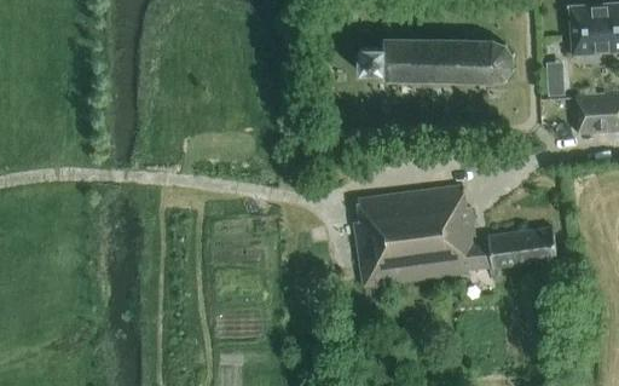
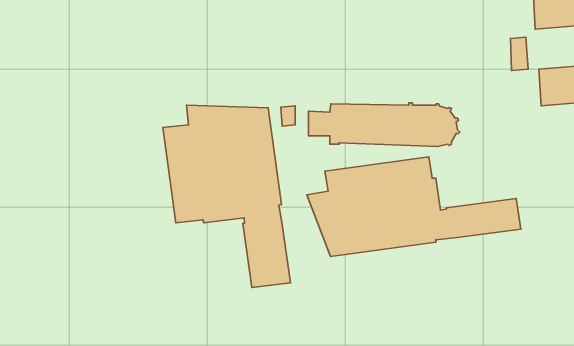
building: [361,39,516,83] -> [308,103,460,147]
building: none -> [163,105,291,288]

